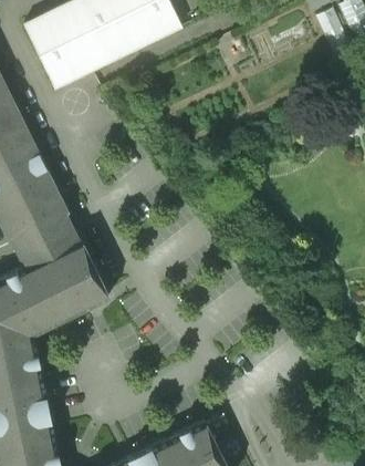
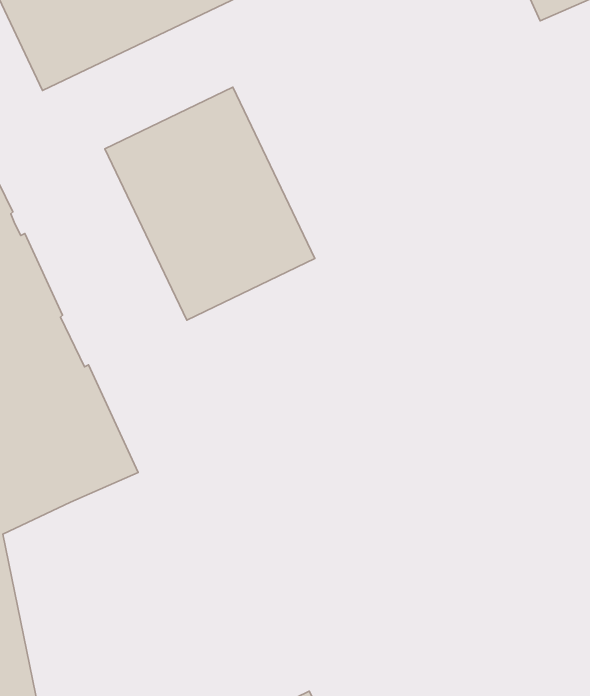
building: none -> [105,87,315,320]

